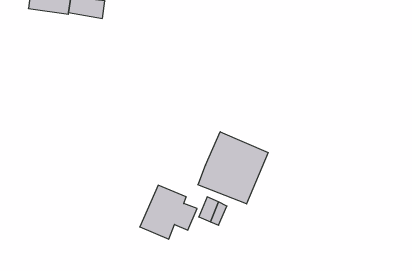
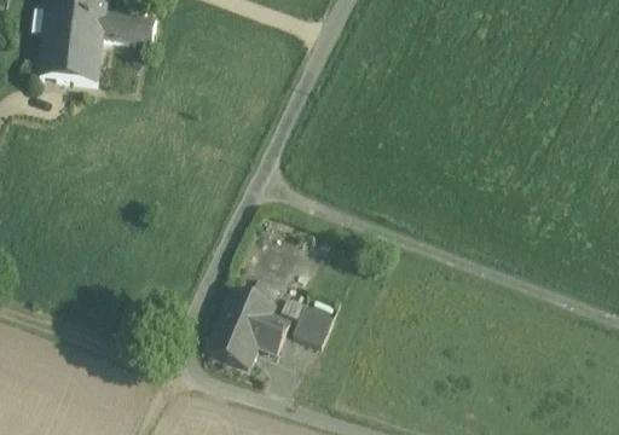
building: none -> [39,28,103,81]
building: [198,132,268,204] -> none

